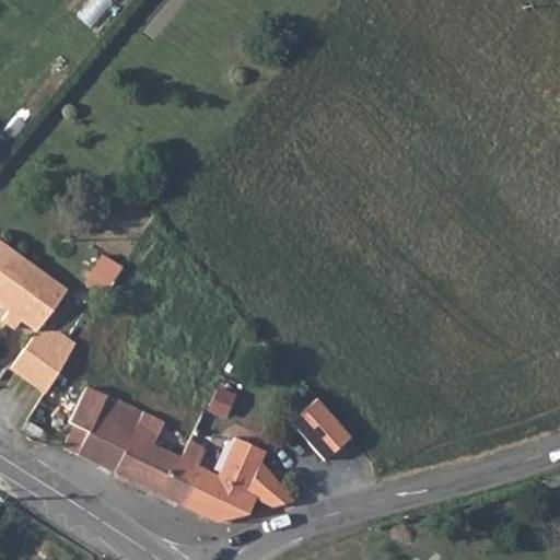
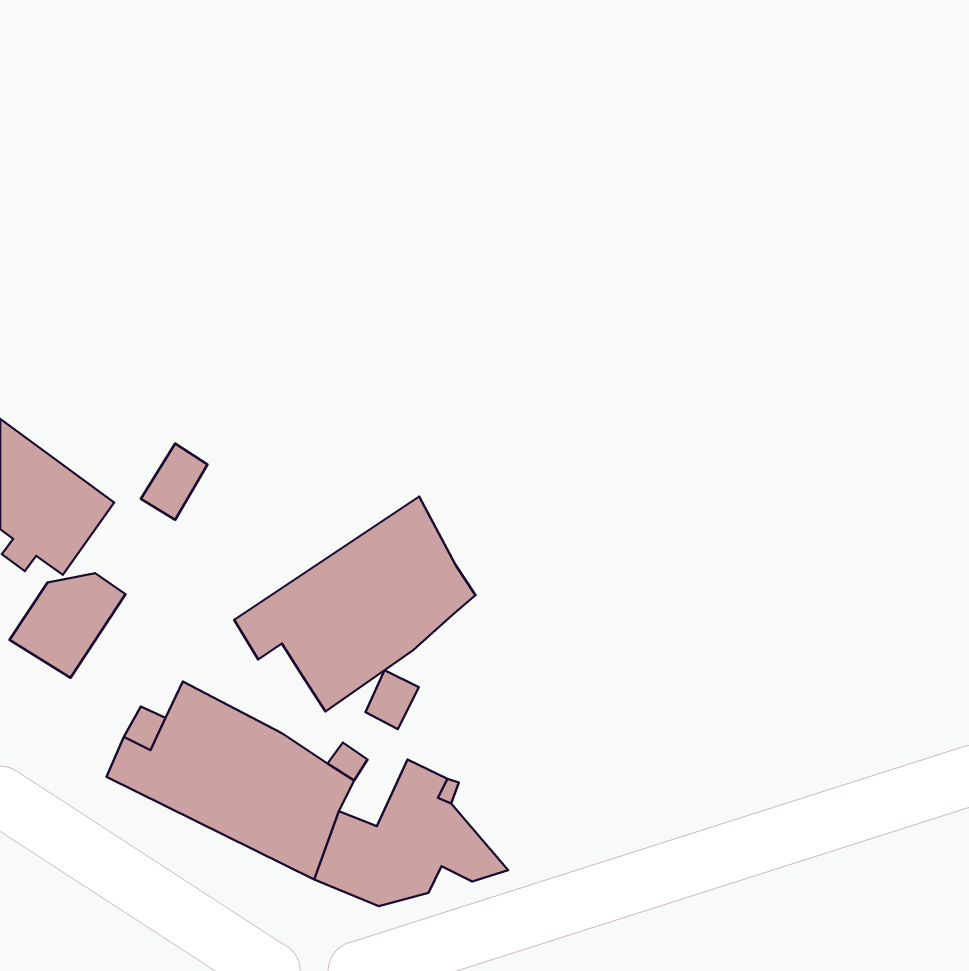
building: none -> [234,496,476,711]
building: [290,397,351,459] -> none

